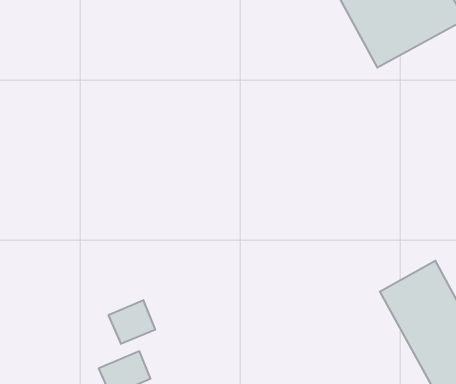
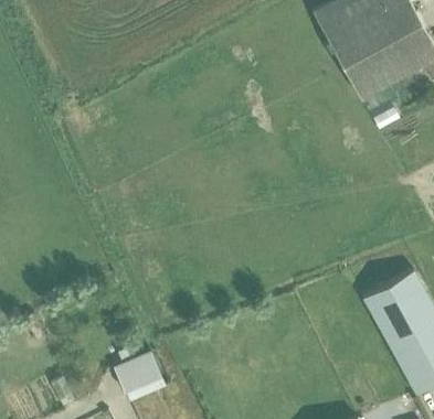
building: [108,300,155,344] -> none

